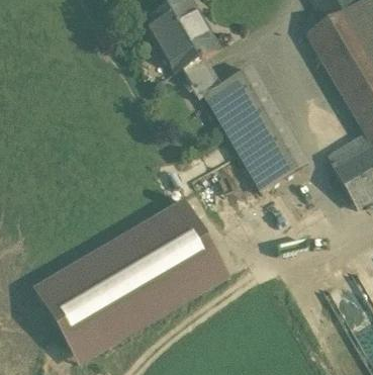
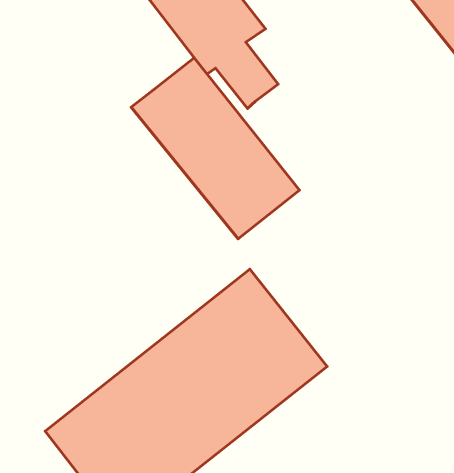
building: [201,68,303,190] -> [131,58,299,239]

